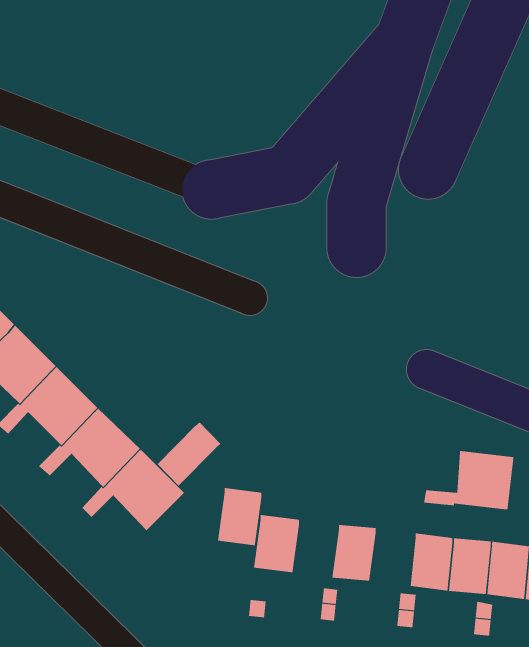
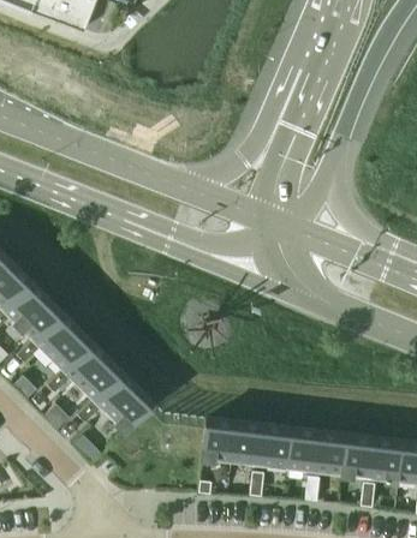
building: [157,421,221,486] -> none
building: [423,450,514,510] -> none
building: [217,488,262,546] -> [230,423,262,465]
building: none -> [285,429,317,471]

